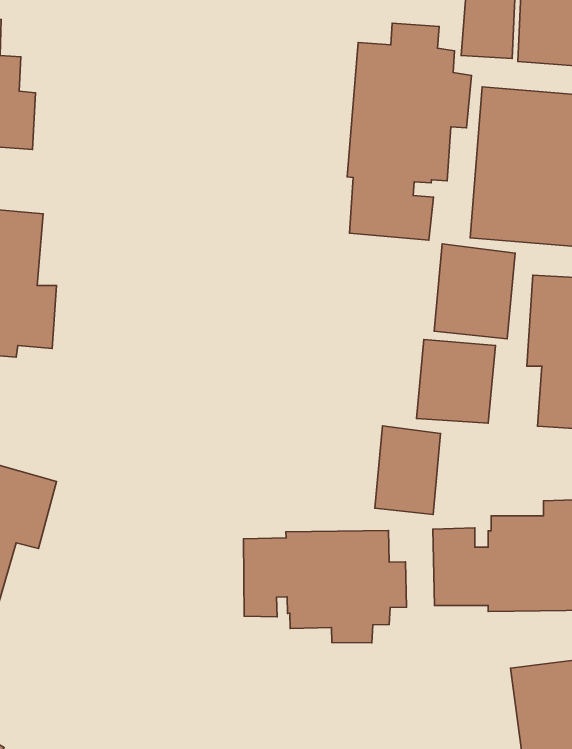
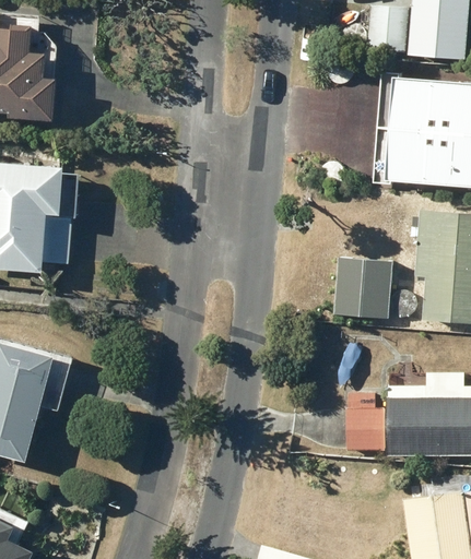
building: [347,23,472,240] -> none
building: [434,244,515,339] -> none
building: [375,426,441,515] -> none
building: [244,530,407,643] -> none

